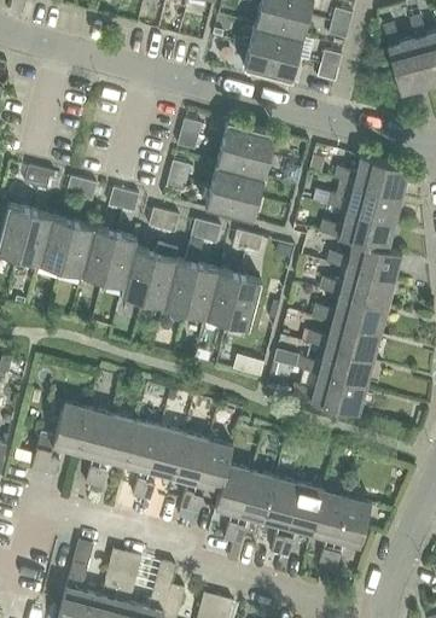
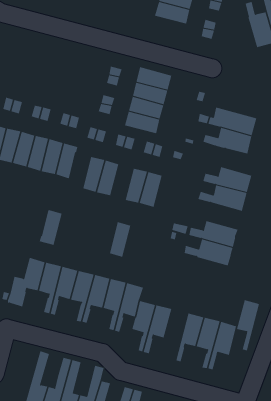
building: [244,46,297,80] -> none
building: [335,156,408,197] -> none
building: [327,241,401,281] -> none
building: [120,247,155,301] -> [39,210,62,246]
building: [185,264,217,317] -> [109,222,131,258]
building: [306,321,379,361] -> none
building: [263,478,298,554] -> [236,300,260,351]

